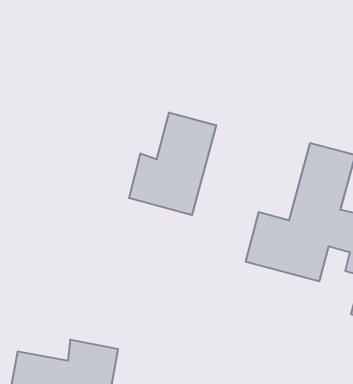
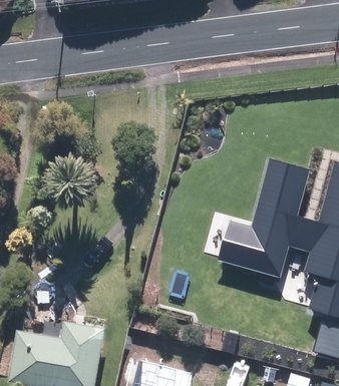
building: [129,112,216,215] -> none

